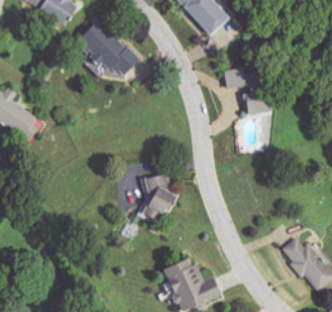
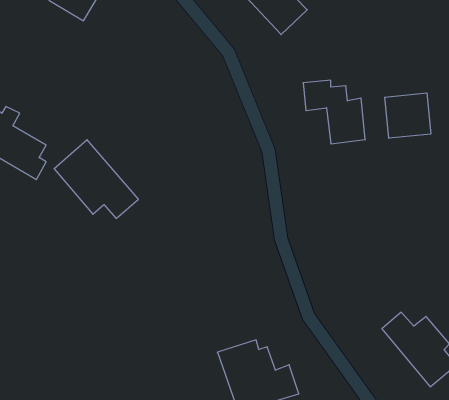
building: [77,18,138,76] -> [54,140,138,218]
building: none -> [385,93,431,138]
building: [138,172,175,226] -> none

